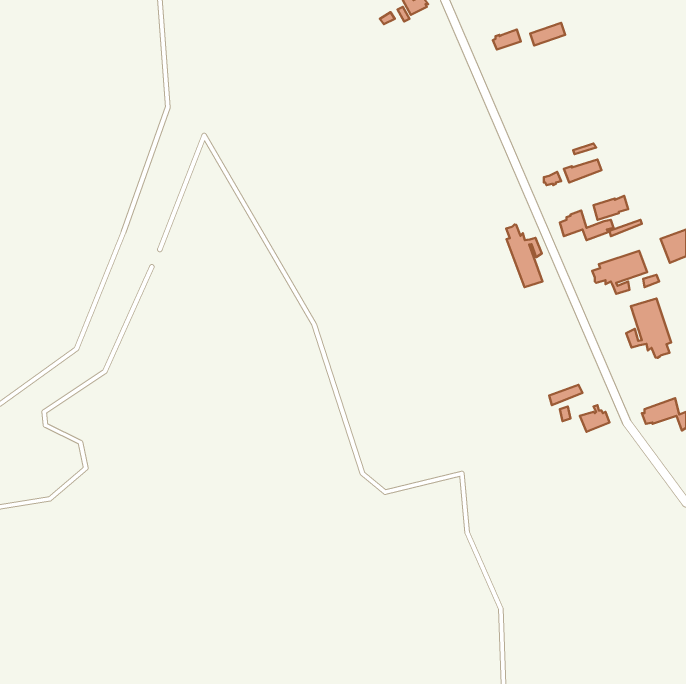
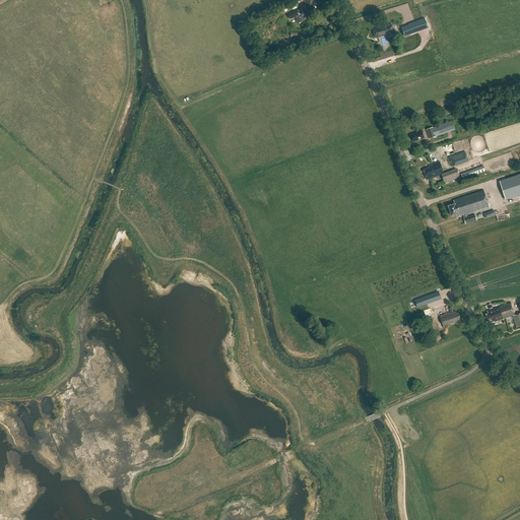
building: [506,224,543,287] -> none
building: [626,299,671,358] -> none

